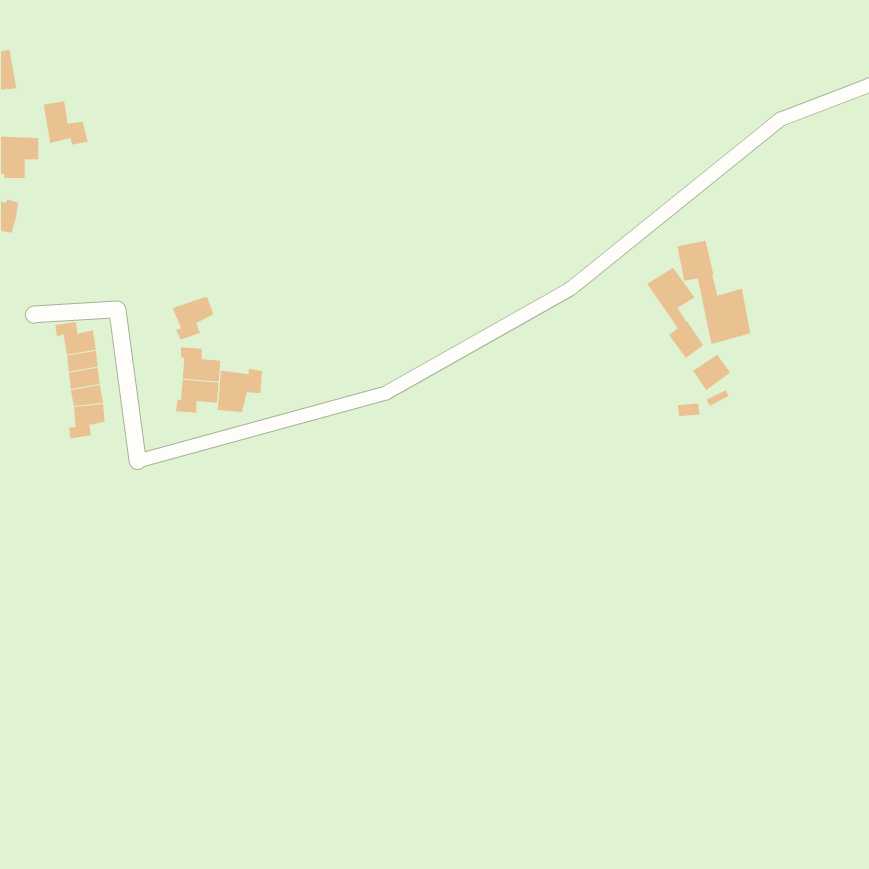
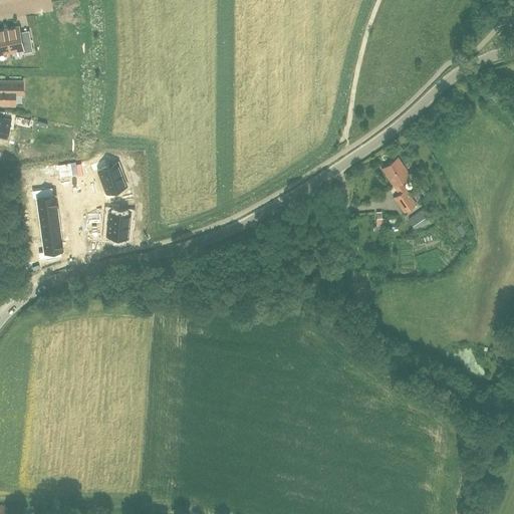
building: [43,101,89,145] -> [6,27,33,53]
building: [677,240,751,345] -> none
building: none -> [92,161,122,182]
building: [217,368,263,413] -> none

